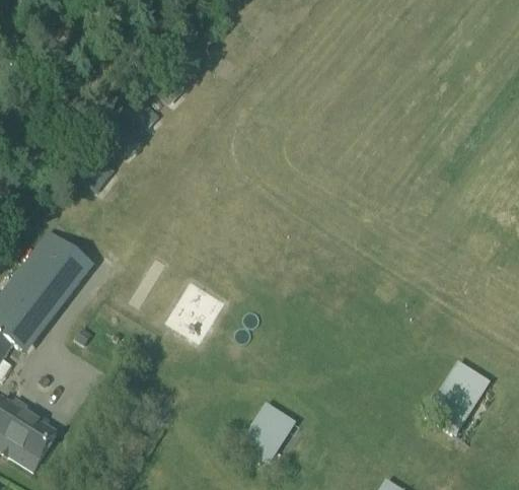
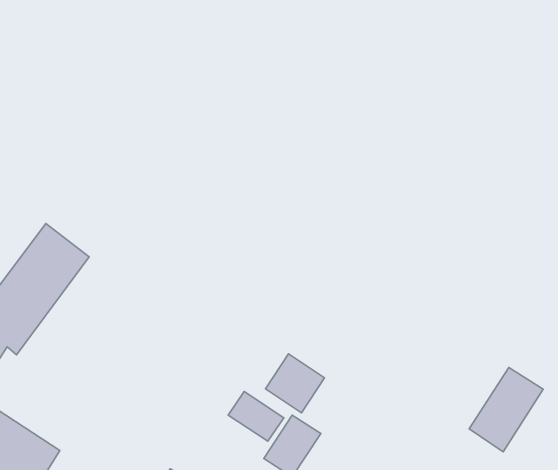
building: none -> [266,354,324,413]
building: none -> [228,391,284,441]

